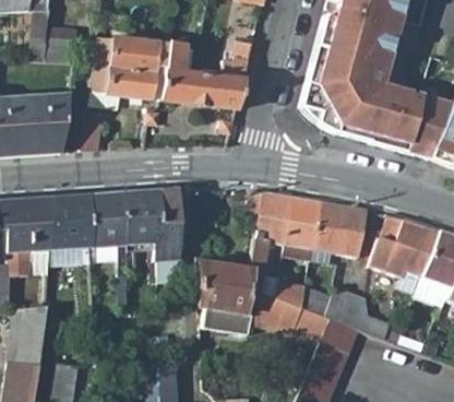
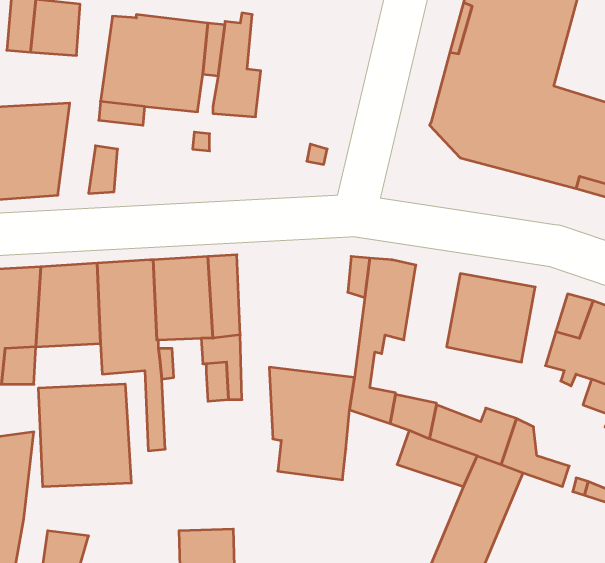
building: [190,38,255,106] -> none
building: [285,196,321,248] -> none
building: none -> [39,384,131,487]
building: [248,288,288,323] -> none

